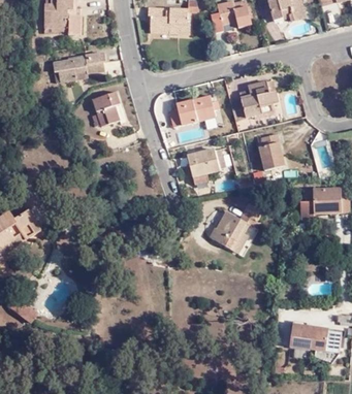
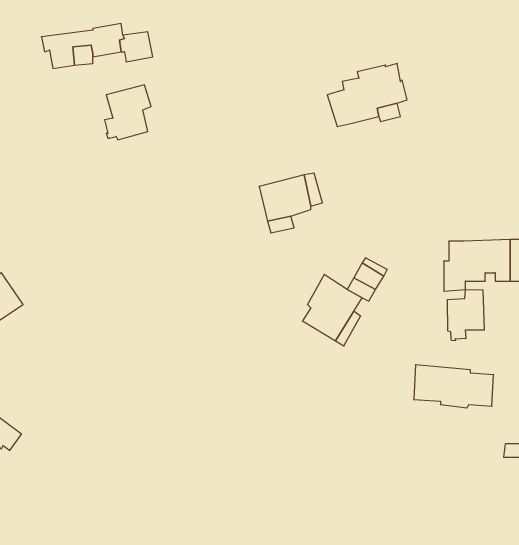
building: [168,95,217,127] -> none
building: [262,133,287,170] -> none
building: none -> [447,289,484,341]
building: [289,327,339,354] -> [414,365,494,408]

